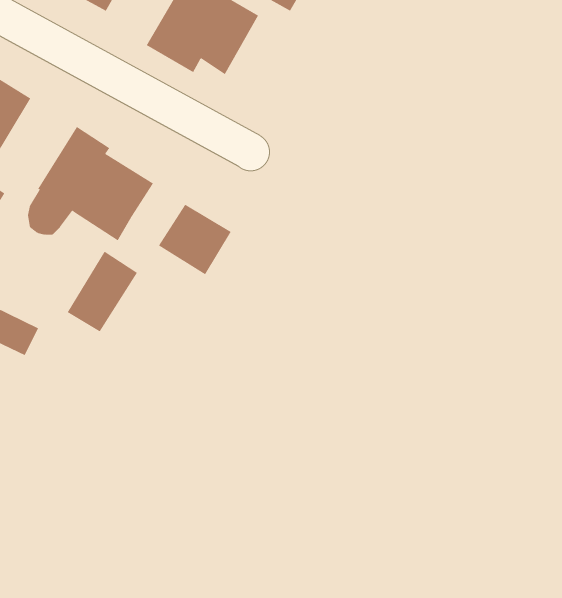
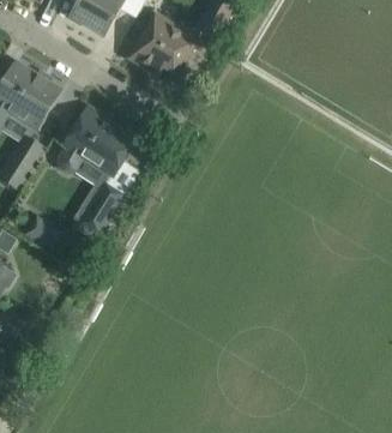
building: [158,204,232,275] -> none

